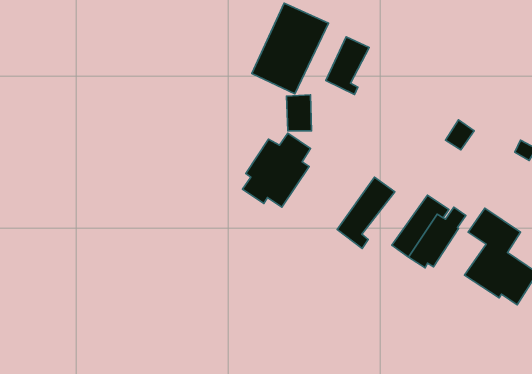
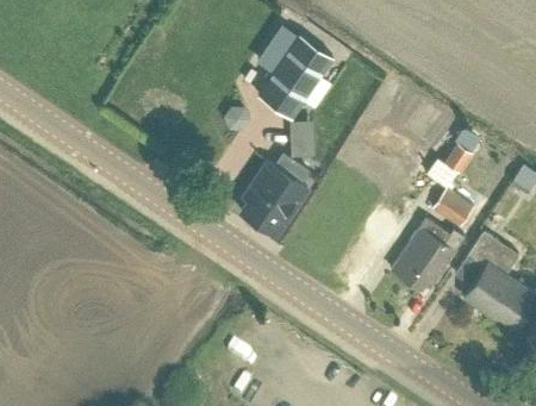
building: [326,37,369,95] -> none
building: none -> [436,186,478,225]
building: [337,177,395,248] -> none

